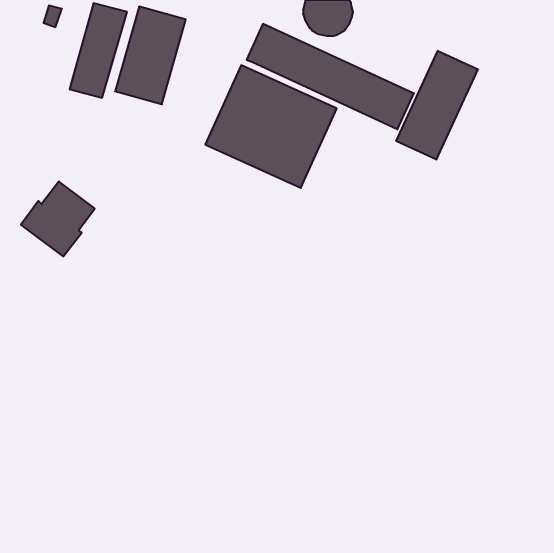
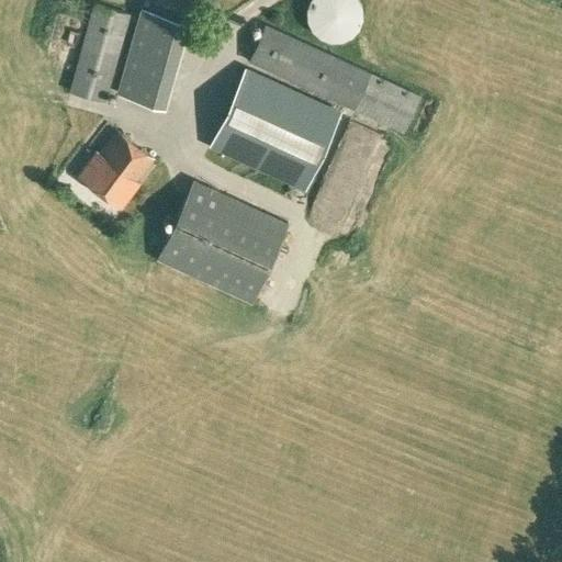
building: [396,51,478,160] -> none
building: none -> [158,181,289,303]
building: [21,181,95,256] -> [79,133,154,209]

